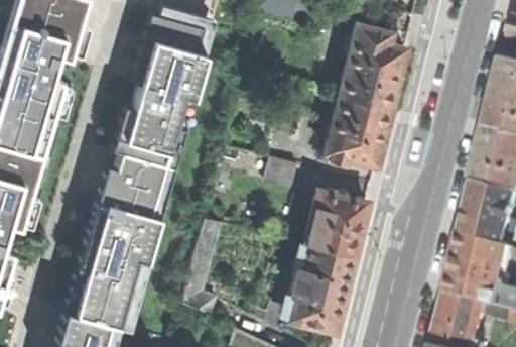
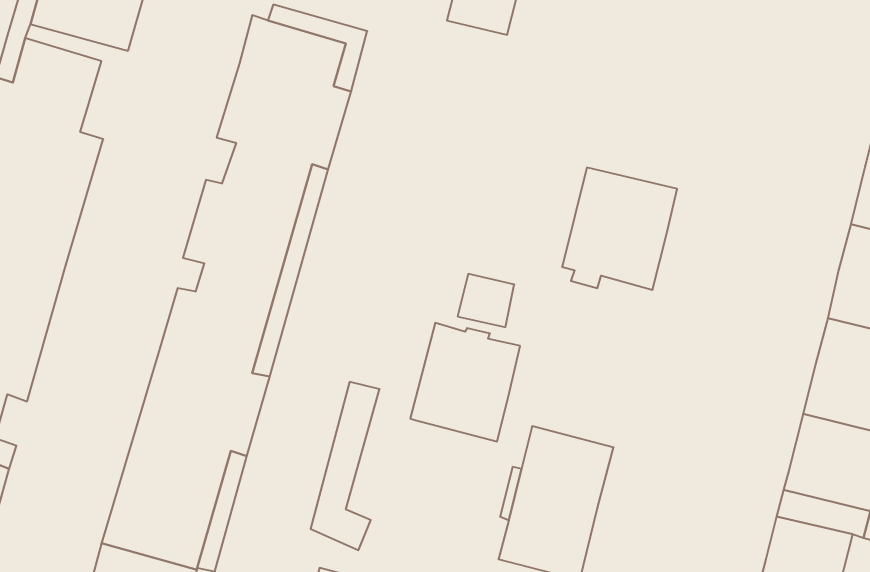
building: [18,16,77,61] -> none
building: [338,25,404,110] -> none
building: [303,190,366,257] -> [410,323,520,442]

